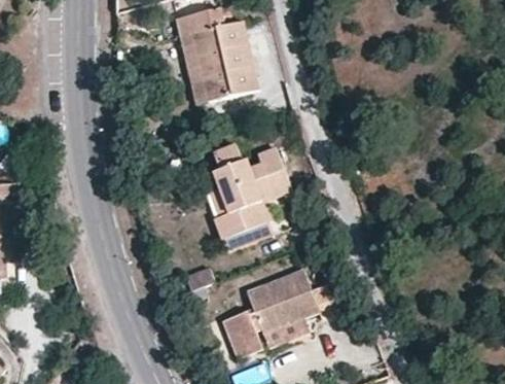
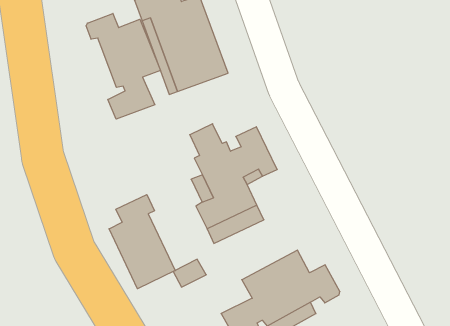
building: none -> [86,13,160,119]
building: none -> [109,195,175,289]

